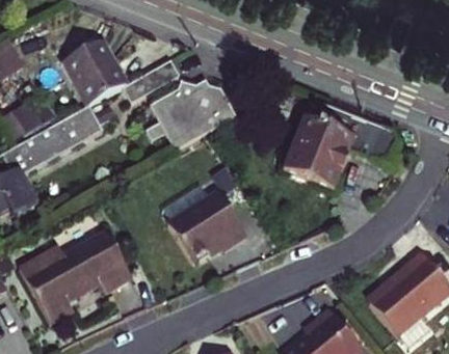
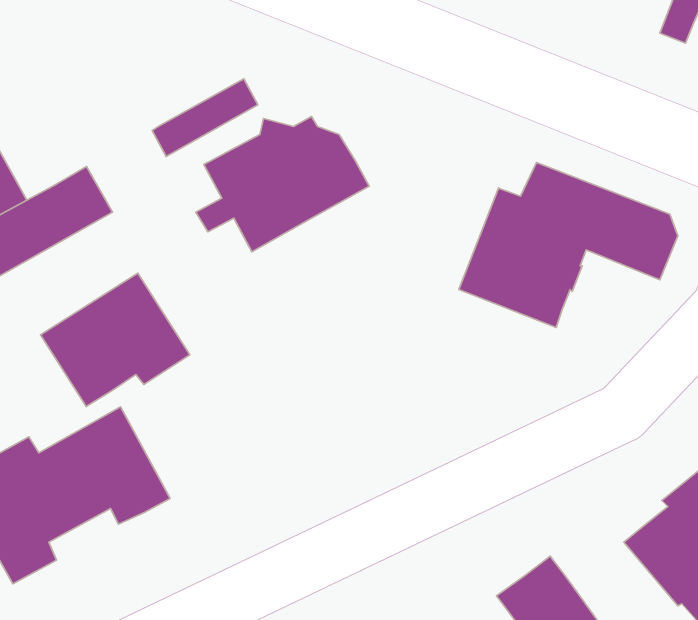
building: [63,39,125,104] -> none
building: [166,190,244,260] -> [40,273,190,406]

